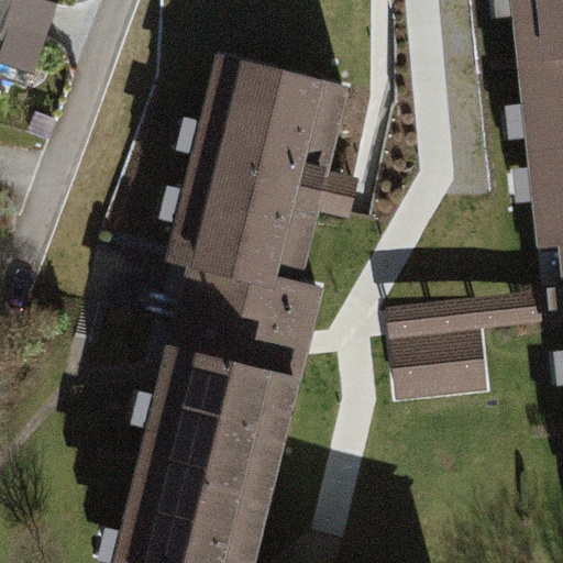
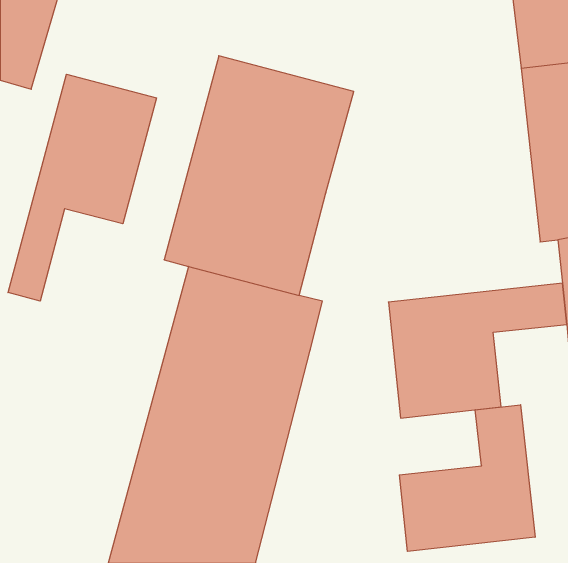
building: none -> [8,74,157,301]
building: none -> [399,405,535,551]

